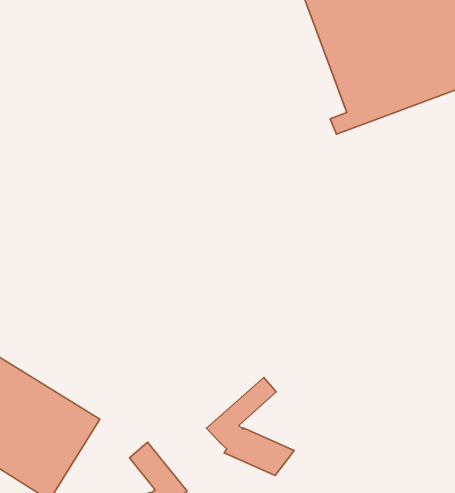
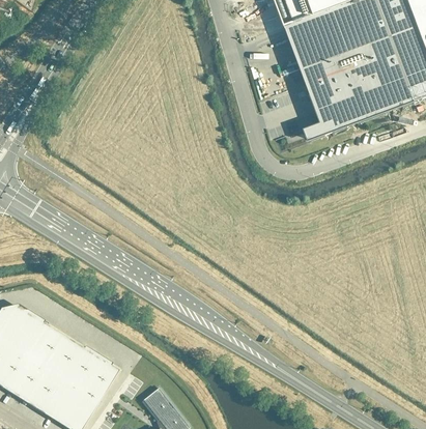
building: [206,377,294,475] -> none

